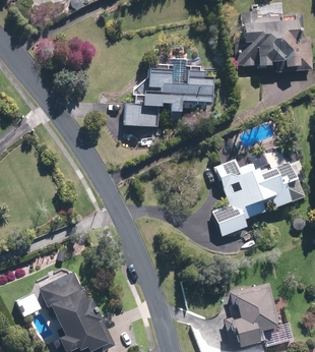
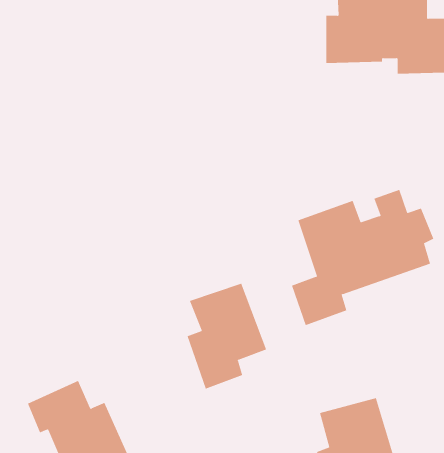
building: [123,58,208,125] -> none
building: none -> [187,283,267,389]

